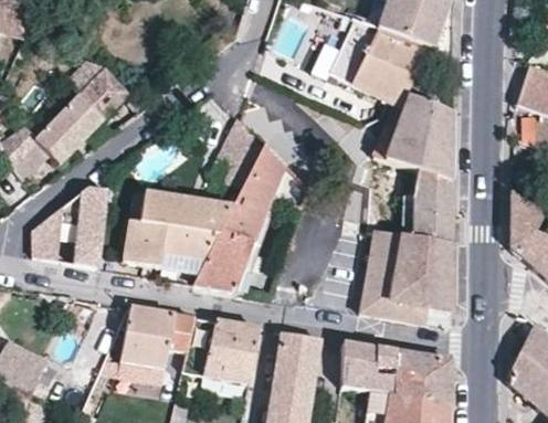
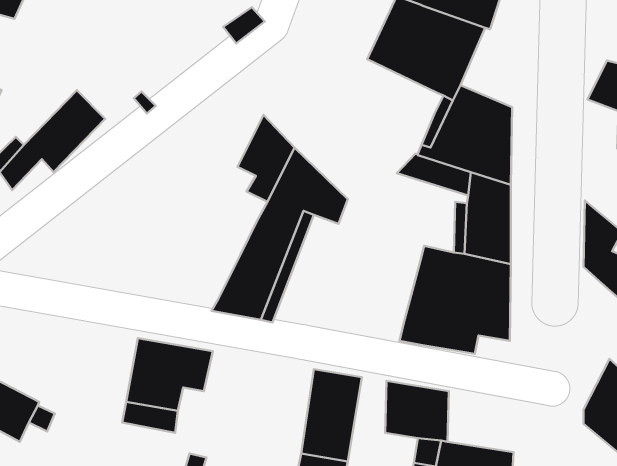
building: [80,66,130,119] -> none
building: [32,187,109,267] -> none
building: [123,190,233,273] -> none
building: [185,317,261,383] -> none
building: [396,351,453,403] -> none

